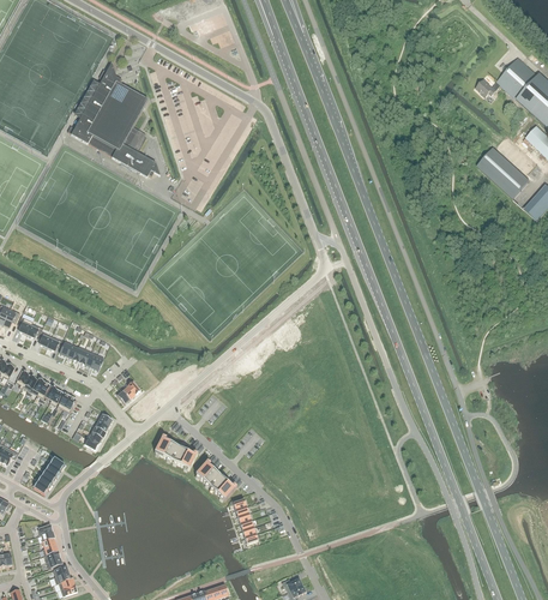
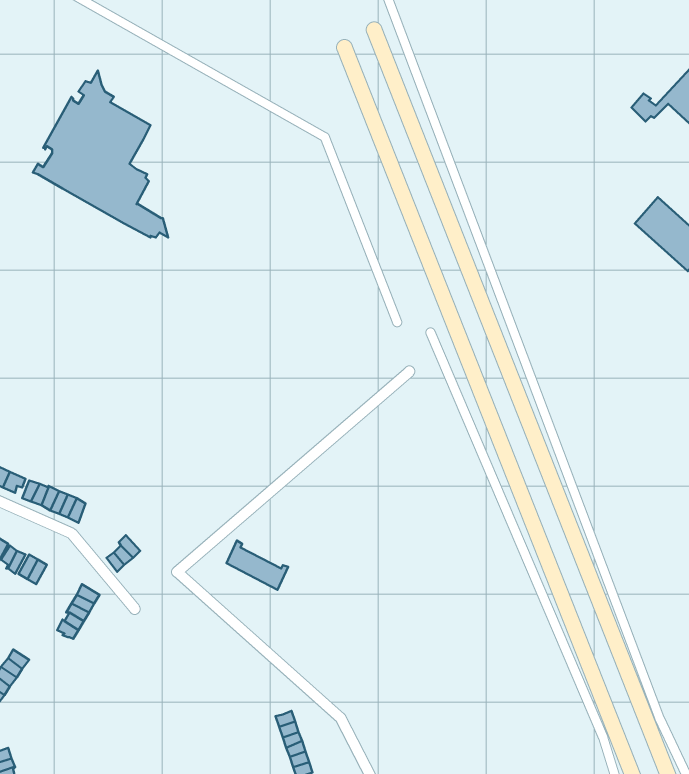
building: [155,434,197,468] -> [226,540,288,590]
building: [195,460,236,499] -> none

